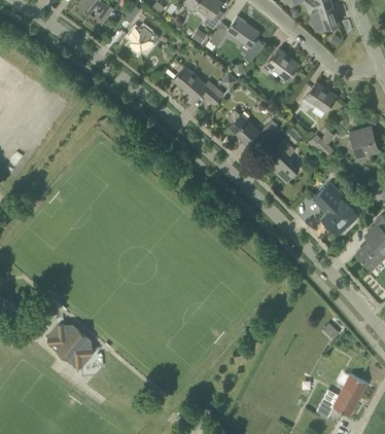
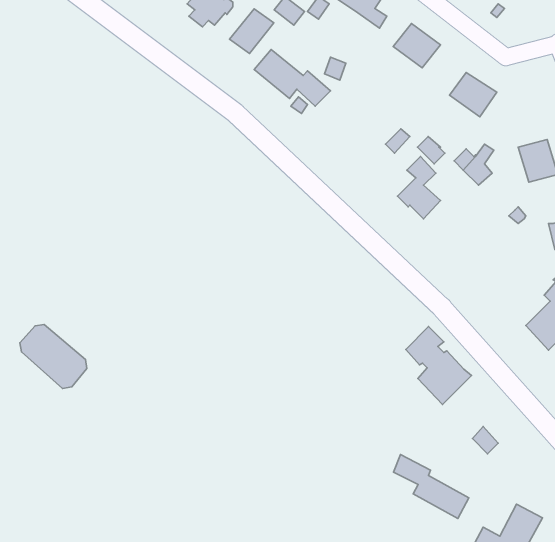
building: none -> [230,9,274,54]
building: [226,110,260,146] -> none
building: [314,183,358,236] -> [406,327,471,404]
building: [47,324,93,367] -> [20,324,87,388]
building: none -> [393,454,469,518]

